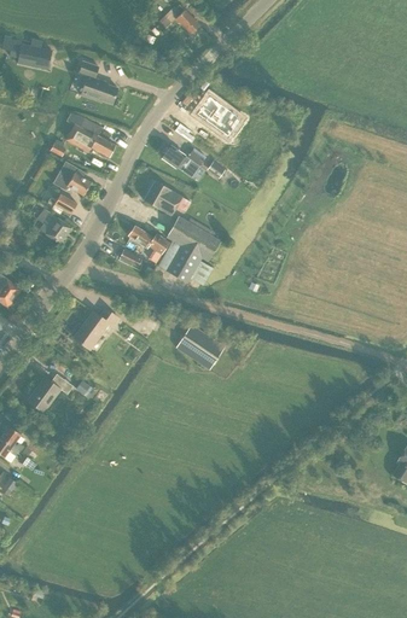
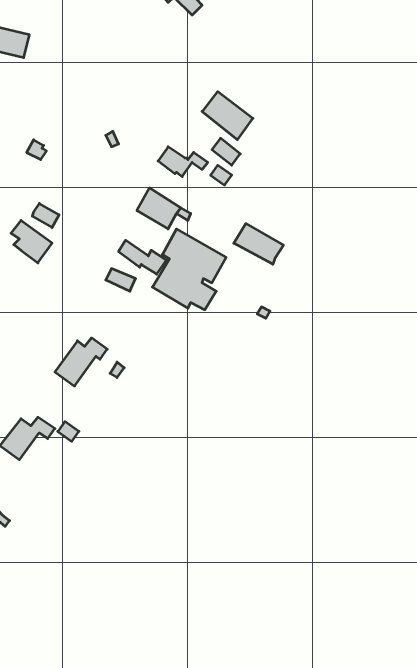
building: [79,60,117,104] -> none
building: [66,118,115,157] -> none
building: [52,161,91,194] -> none
building: none -> [234,224,283,264]
building: [176,323,225,368] -> none

